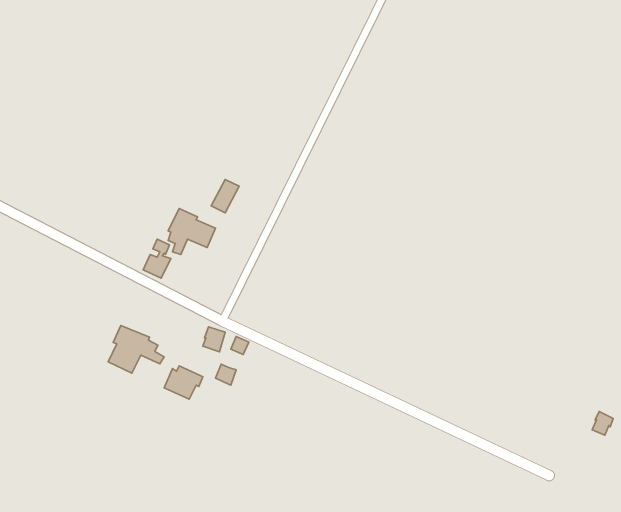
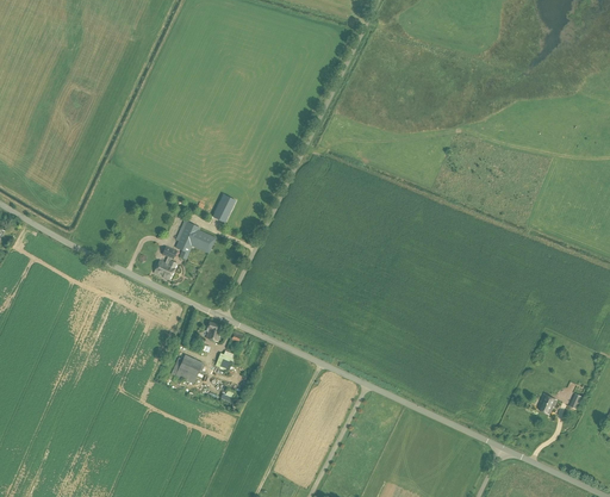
building: [108,325,164,373] -> none

